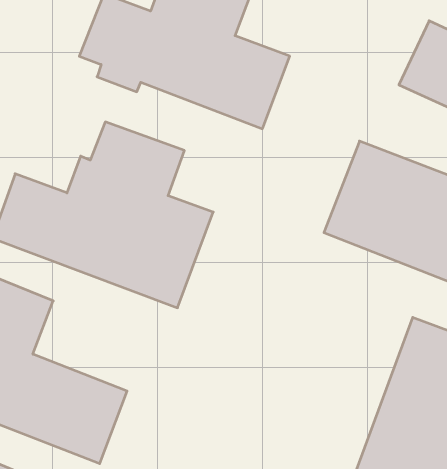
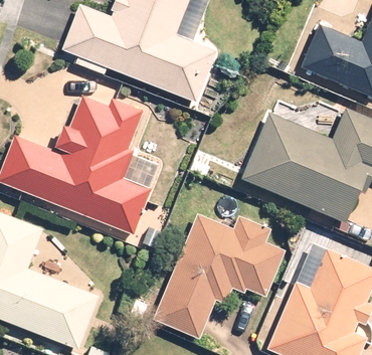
building: none -> [153,213,285,338]

